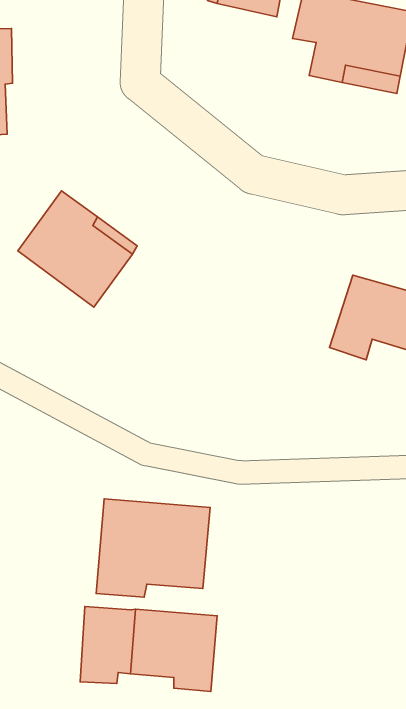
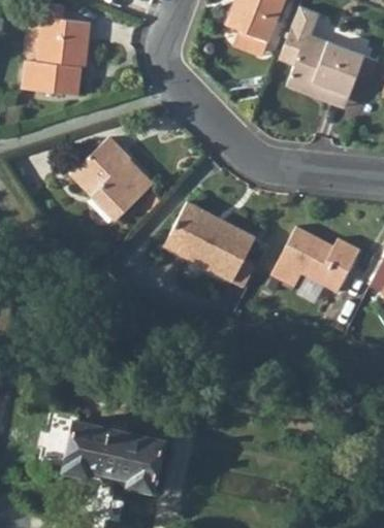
building: none -> [162,201,254,280]
building: [96,499,210,597] -> none

